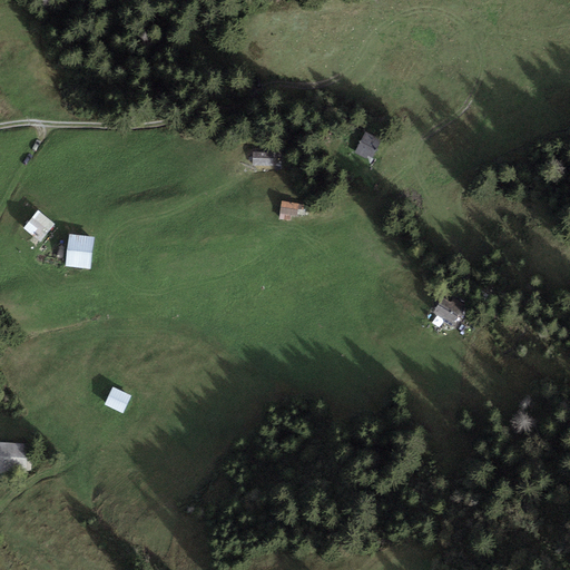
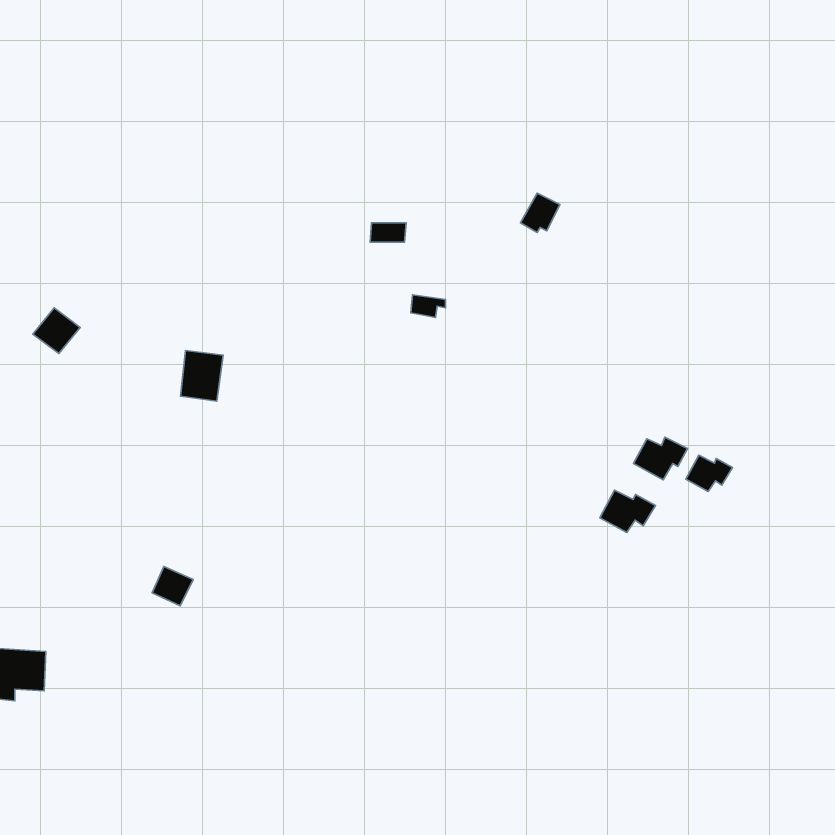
building: [65,233,94,267] -> [181,350,223,401]
building: none -> [686,455,733,492]
building: none -> [600,490,655,533]

